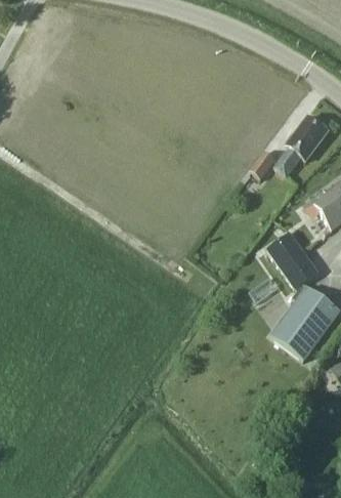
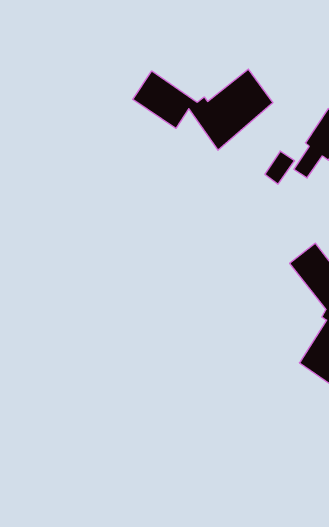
building: none -> [133,69,273,150]

